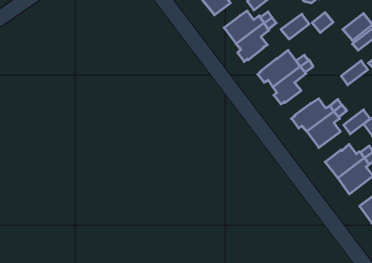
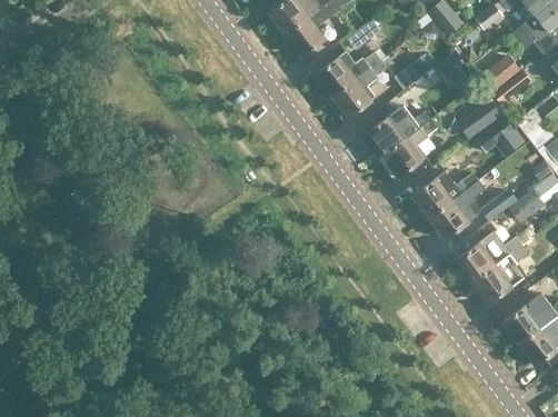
building: none -> [458,98,502,138]

